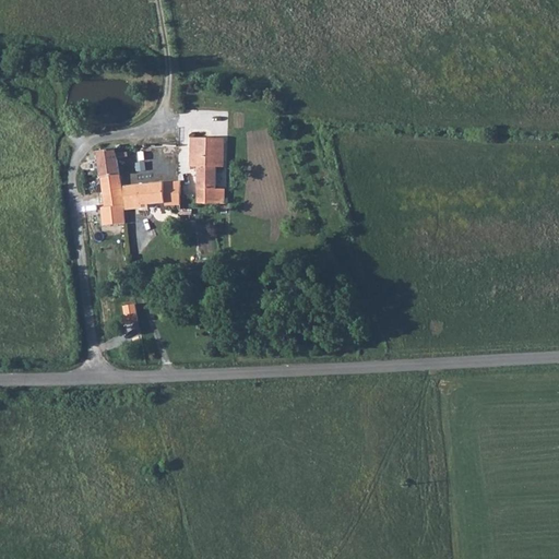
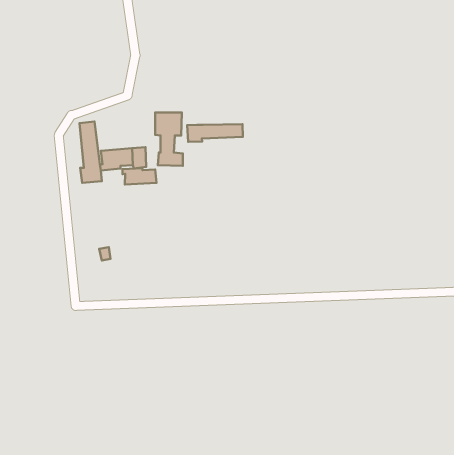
building: none -> [187,124,243,142]
building: none -> [122,168,156,184]

